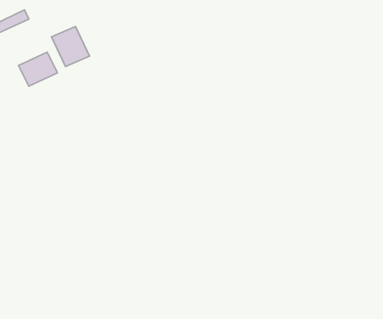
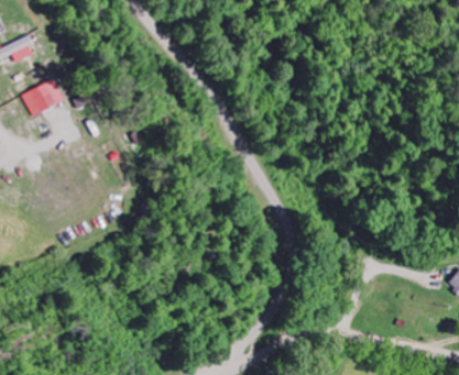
building: [52,26,89,67] -> none

